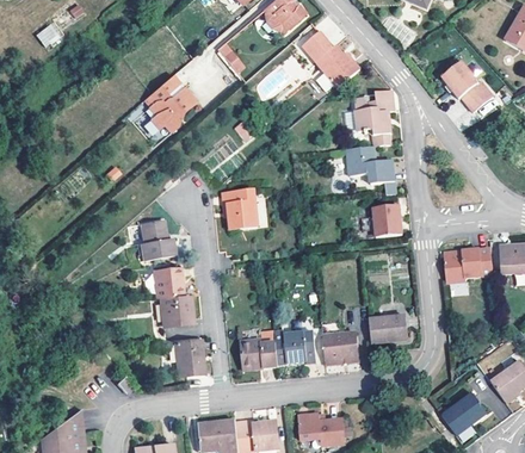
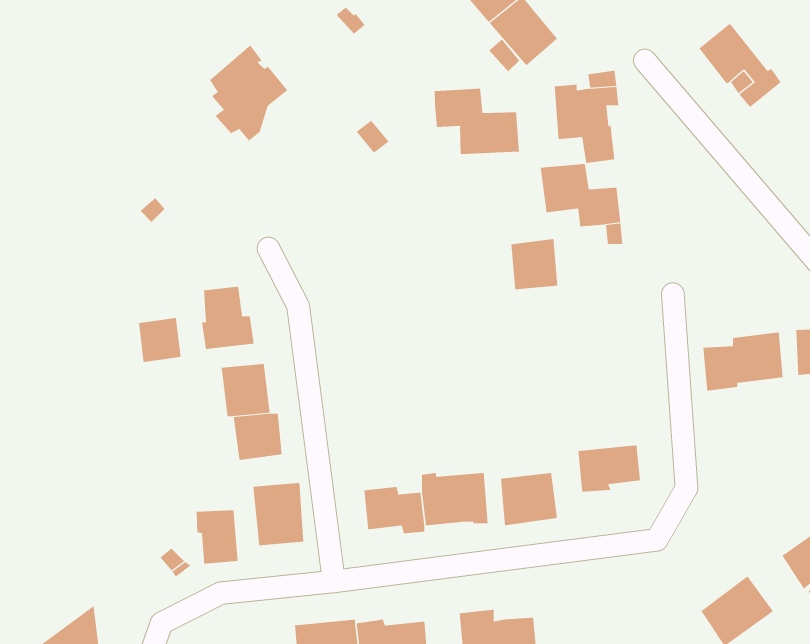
building: none -> [434,88,520,155]
building: [223,191,258,229] -> none
building: [372,205,401,236] -> [511,238,558,290]
building: none -> [138,317,181,363]
building: none -> [196,509,238,564]

